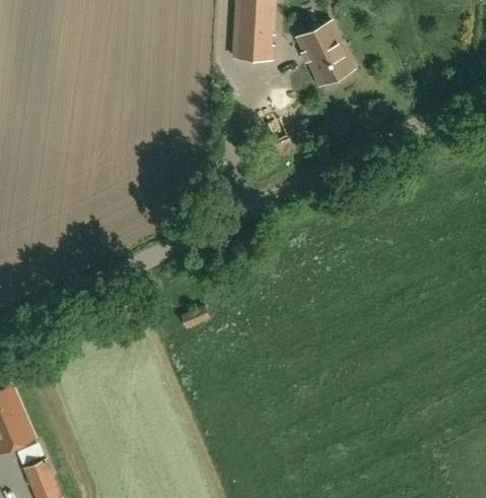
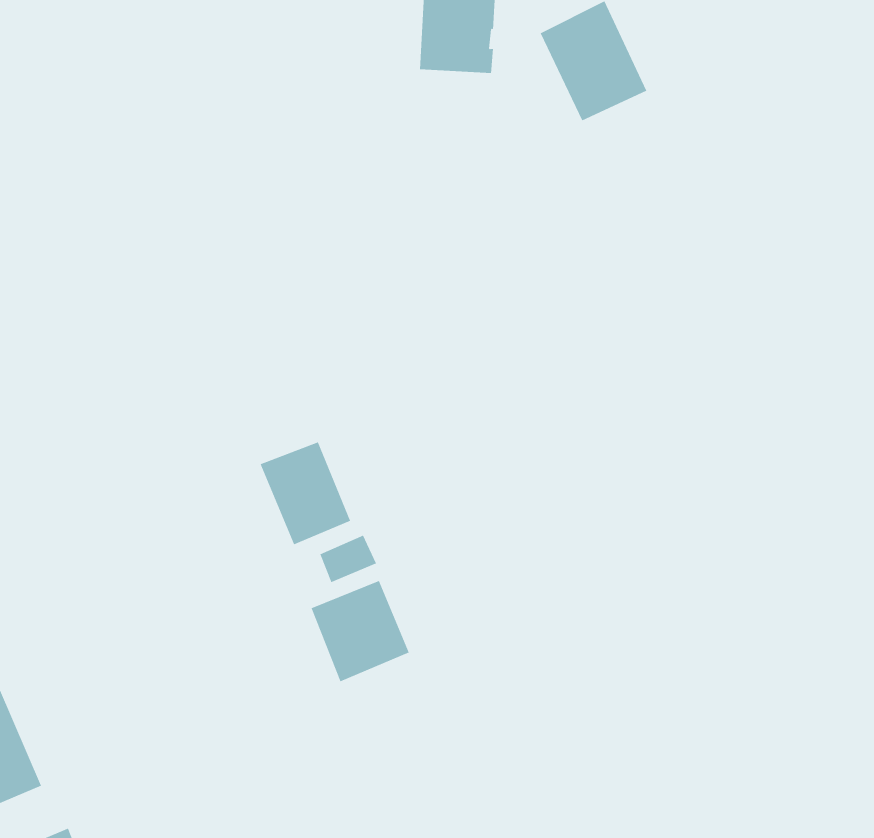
building: none -> [260,441,351,545]
building: none -> [311,580,410,682]

